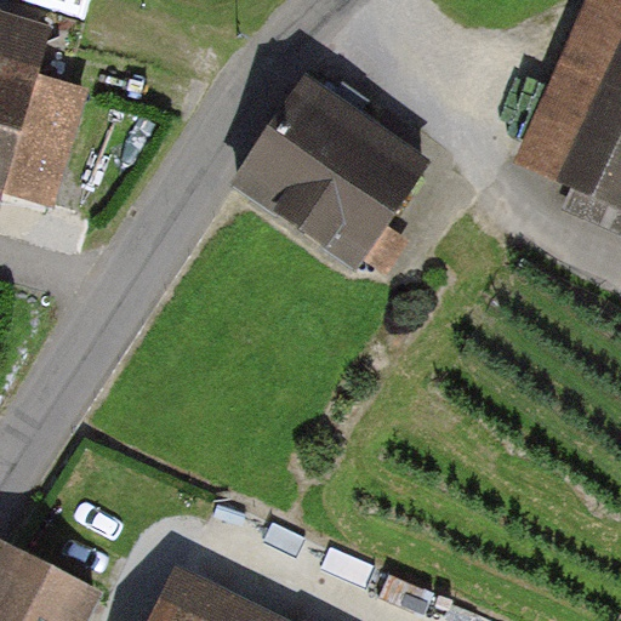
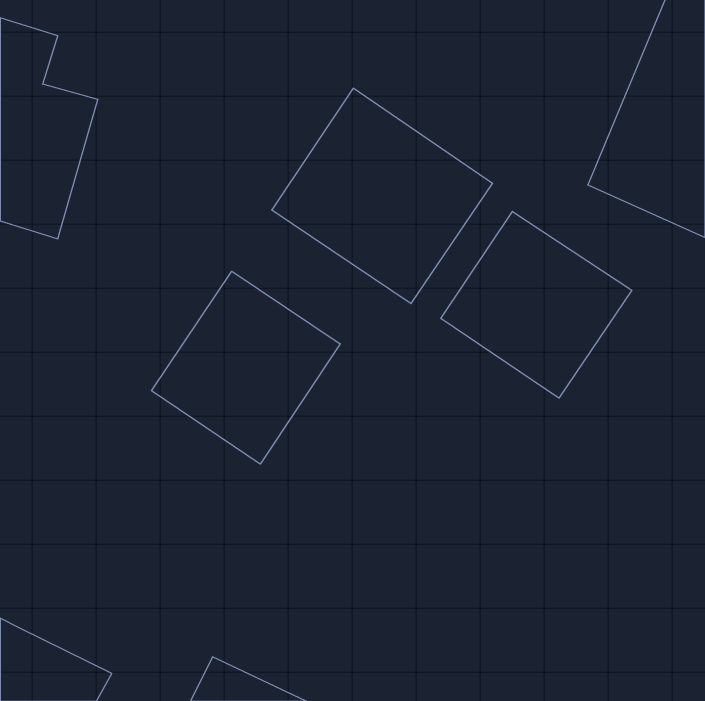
building: none -> [441,211,632,398]
building: none -> [152,271,340,464]

